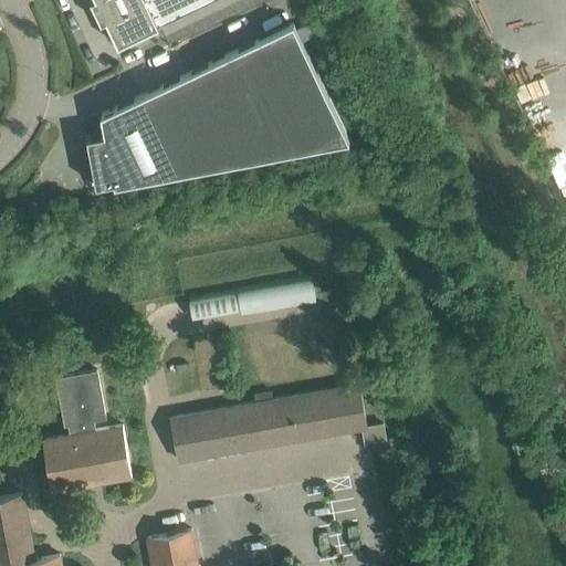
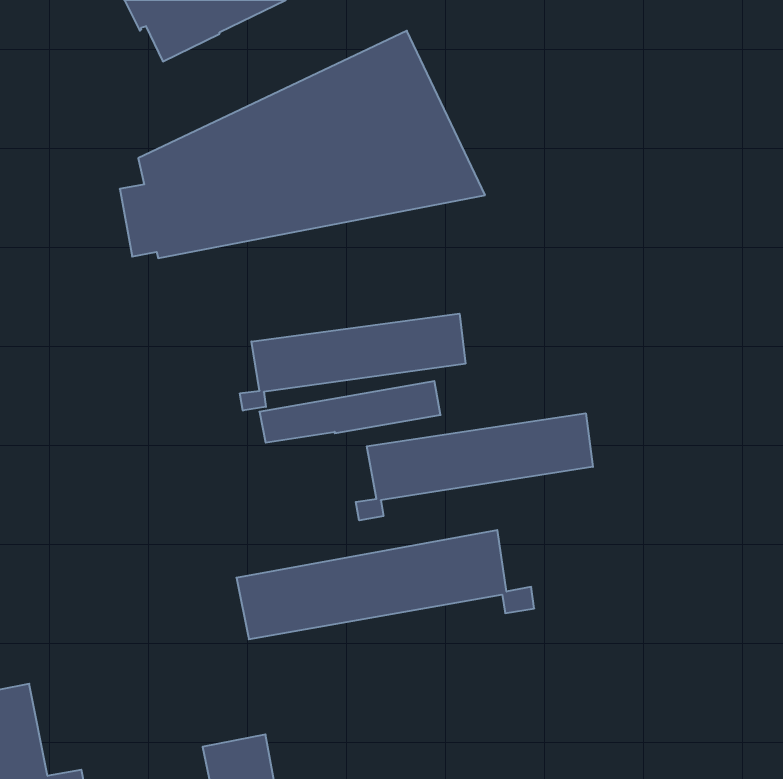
building: none -> [240,314,465,411]
building: none -> [356,413,593,520]
building: [42,374,130,493] -> none

